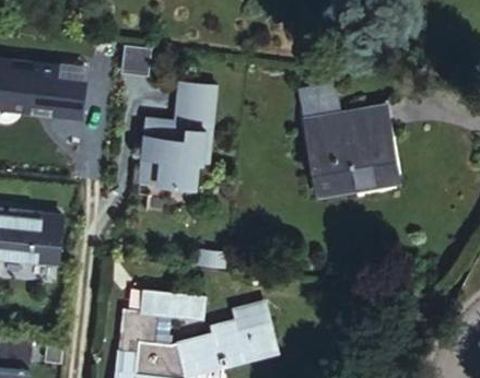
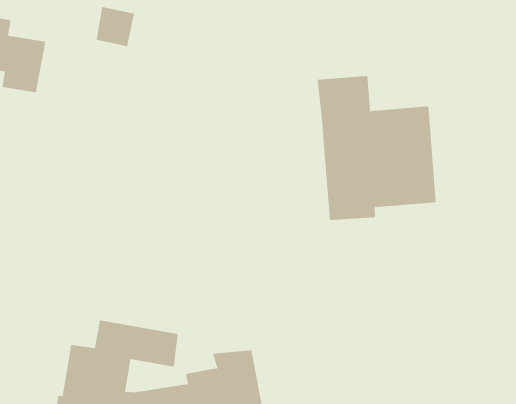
building: [139,82,219,186] -> none

